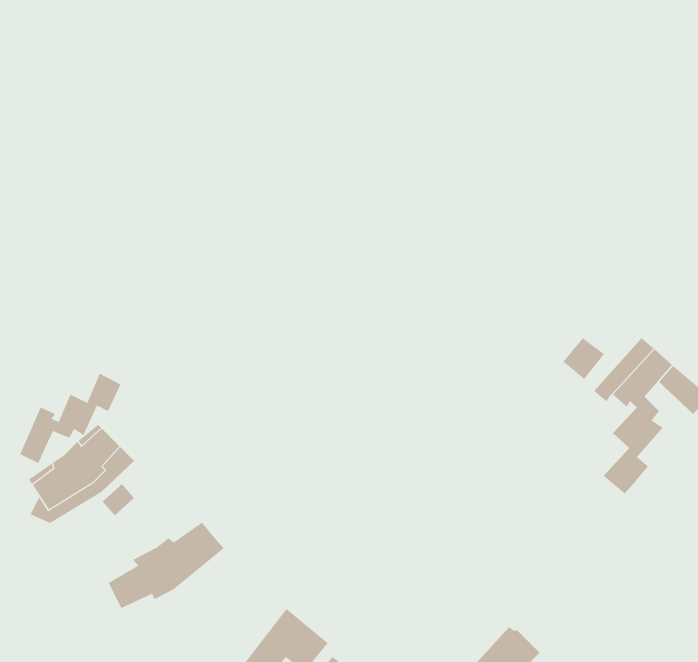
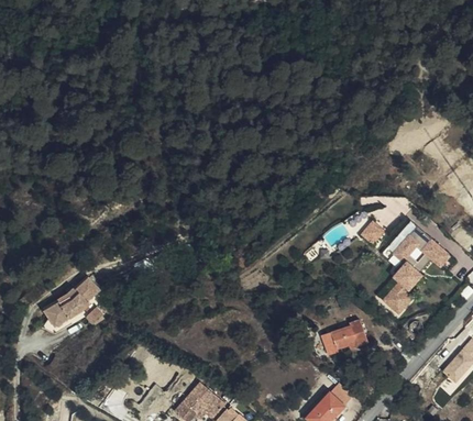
building: [20,373,121,464] -> none
building: none -> [323,326,356,356]
building: [108,522,224,609] -> none

